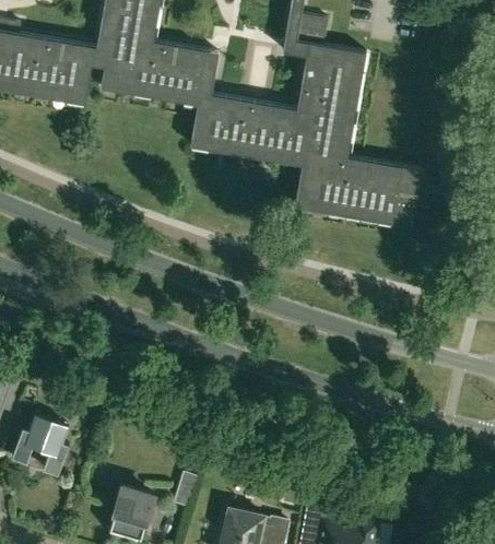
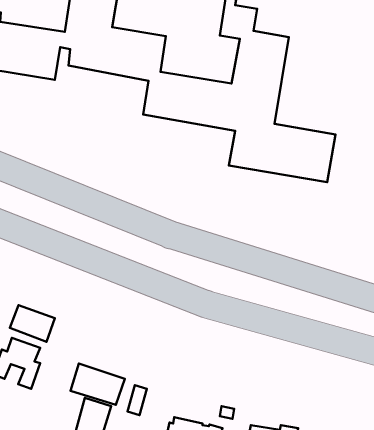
building: none -> [10,305,55,342]
building: none -> [71,364,125,405]

